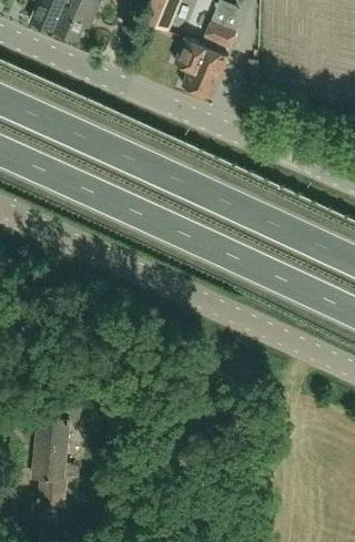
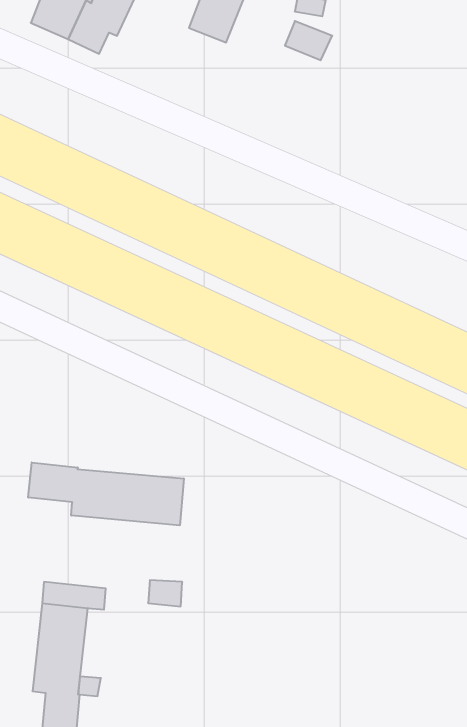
building: [175,35,229,95] -> none
building: none -> [28,462,184,525]

